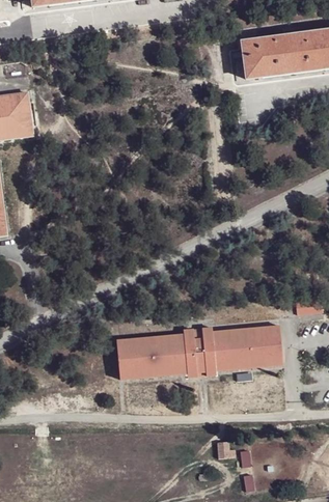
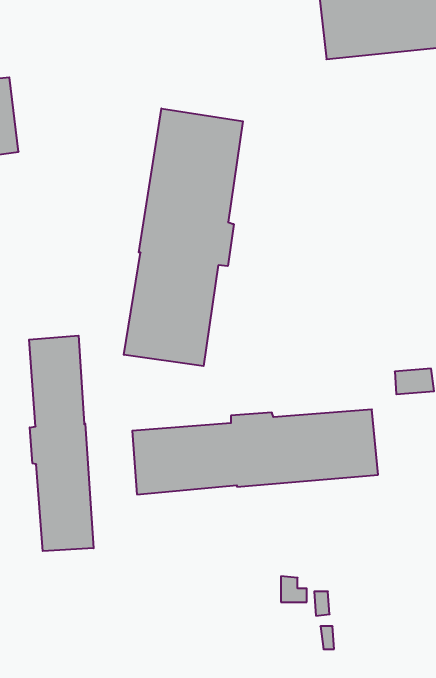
building: none -> [124,108,243,366]
building: none -> [29,336,94,551]

